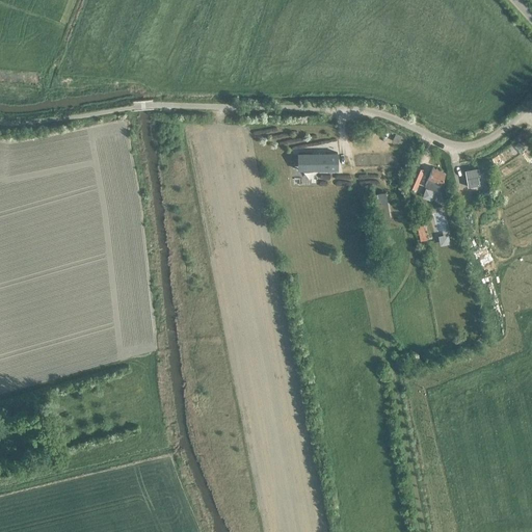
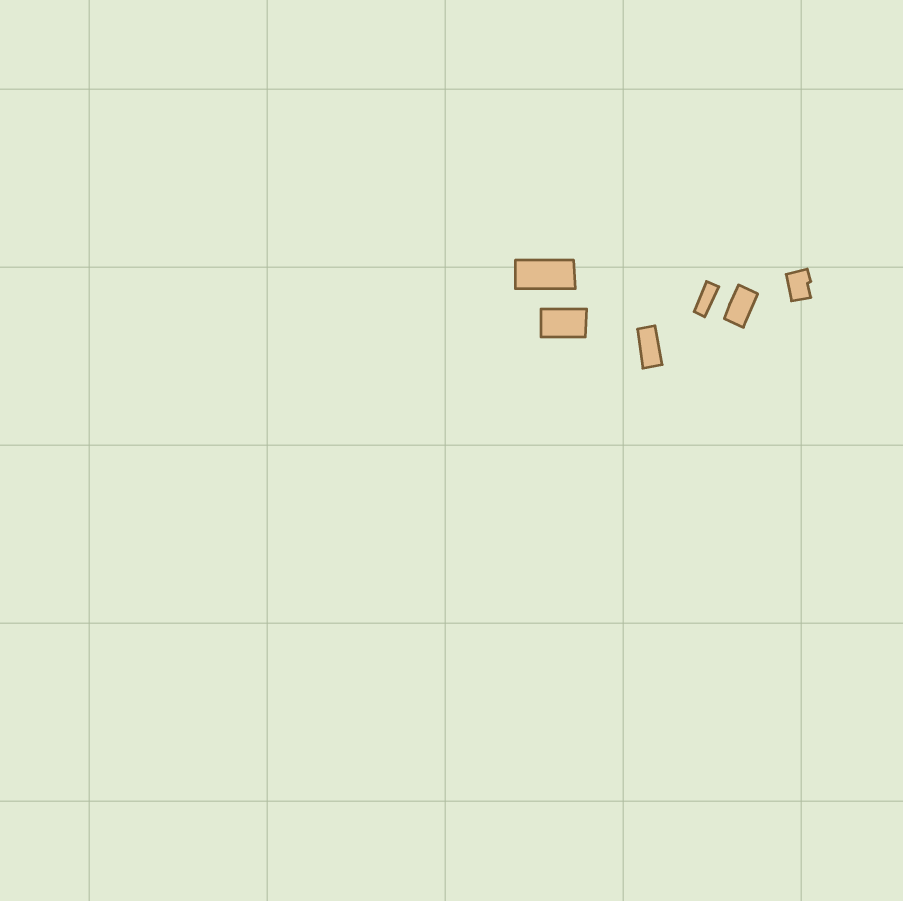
building: none -> [541,309,587,337]

